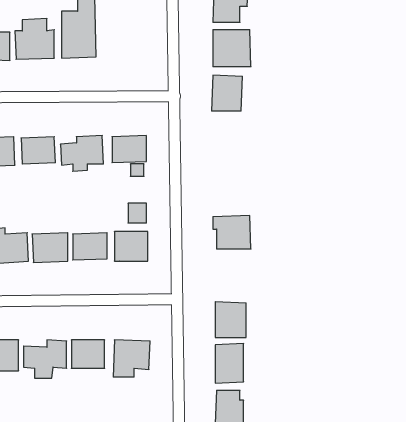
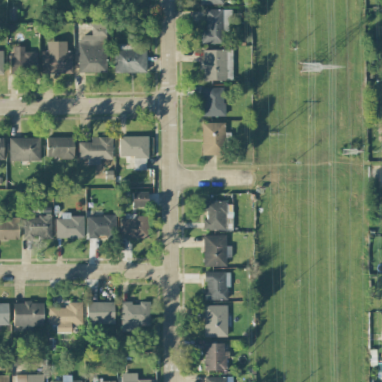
building: none -> [115,44,148,73]
building: none -> [203,122,226,155]
building: none -> [204,235,233,267]

